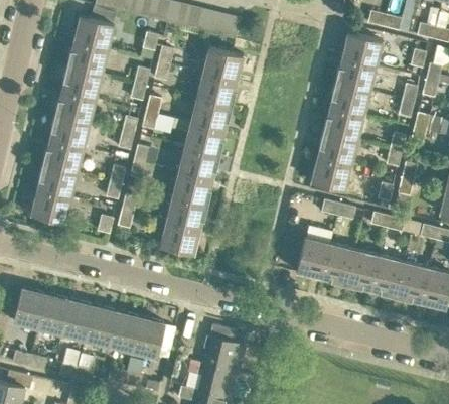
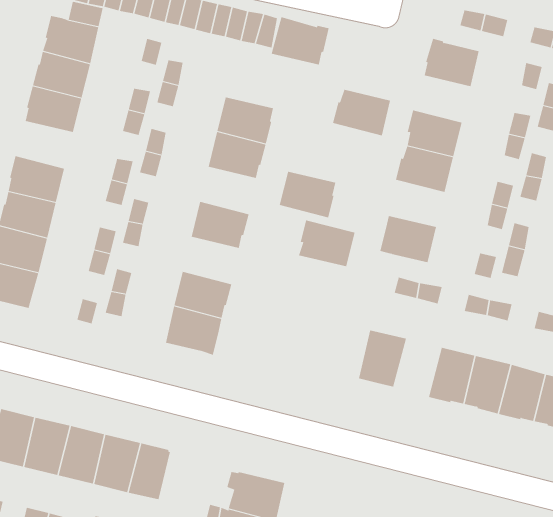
building: [201,46,243,81] -> [271,17,329,65]
building: [333,57,375,91] -> [332,89,391,136]
building: [53,90,95,123] -> none
building: [183,122,223,155] -> [279,171,336,218]
building: [316,131,356,164] -> [298,220,355,267]
building: [171,171,211,205] -> none
building: [320,243,353,284] -> none

